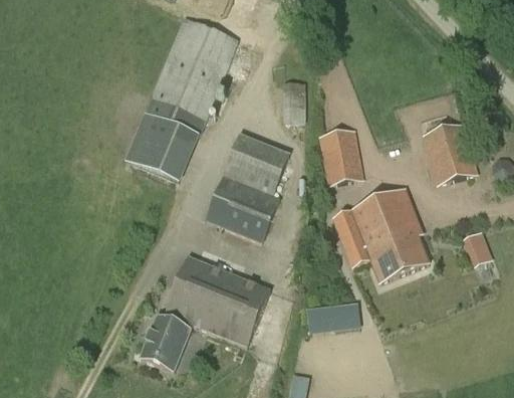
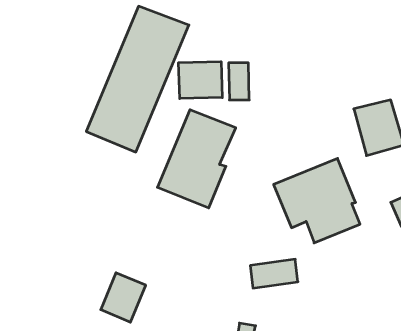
building: none -> [179,62,222,99]
building: [319,129,361,183] -> none
building: [163,255,270,347] -> none

